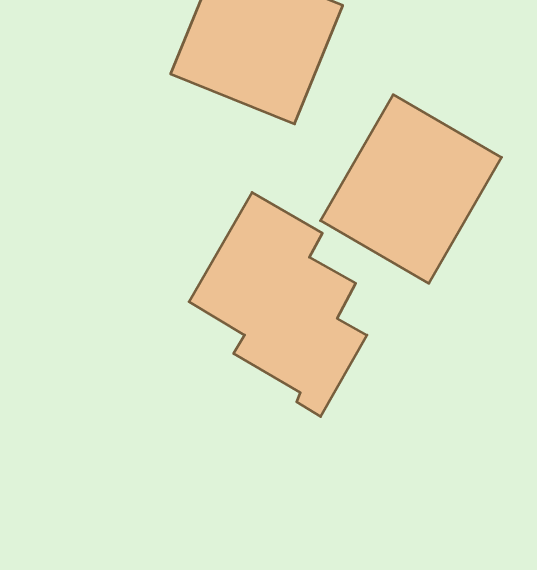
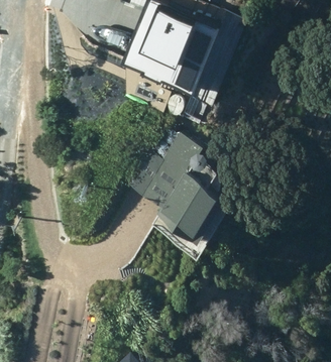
building: [320,95,502,283] -> none

